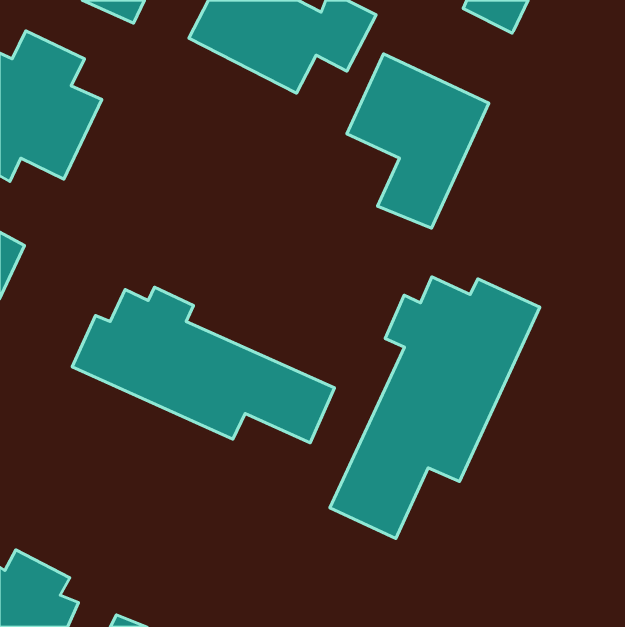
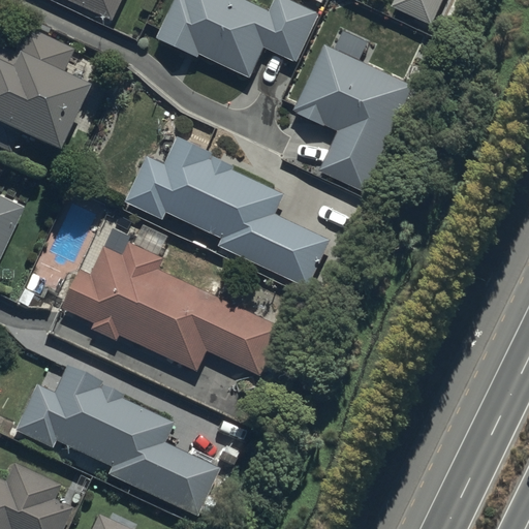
building: none -> [126,135,332,287]
building: [330,277,540,538] -> none
building: none -> [11,365,217,515]

